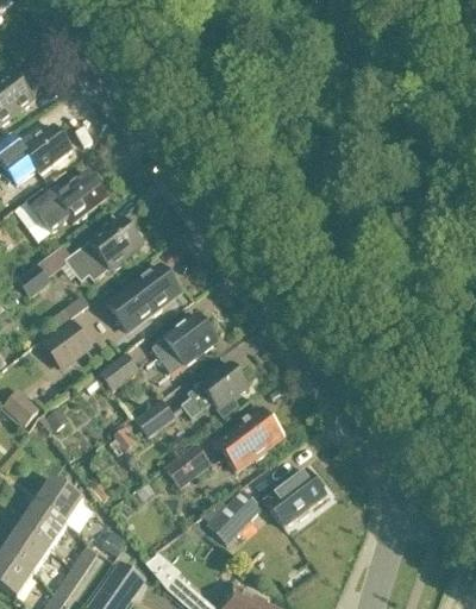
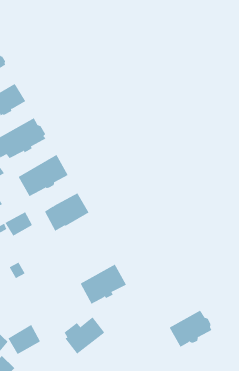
building: [181,360,250,417] -> none
building: [134,398,175,437] -> none
building: [163,441,211,488] -> [8,324,41,355]
building: [264,469,326,526] -> [169,310,212,348]

